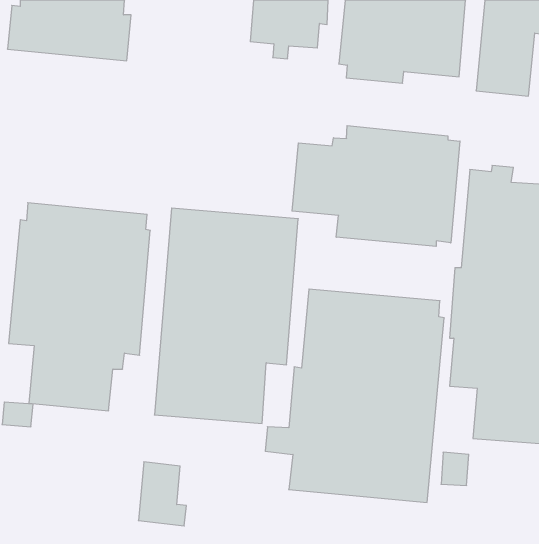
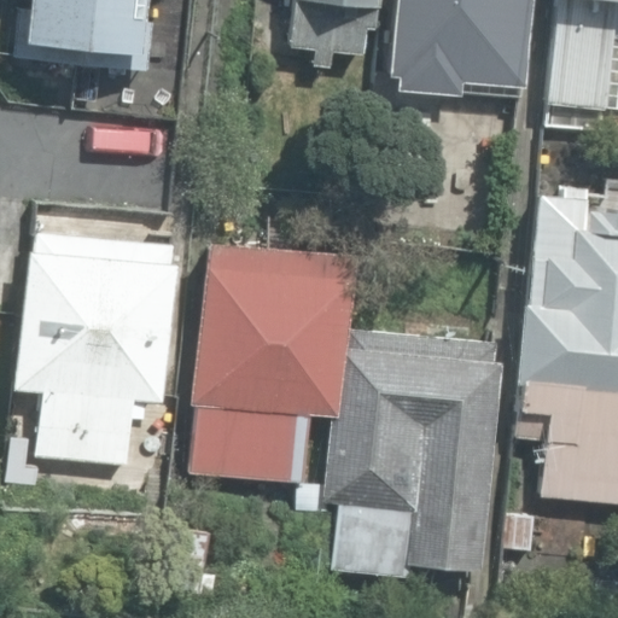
building: [292,126,460,246] -> none

